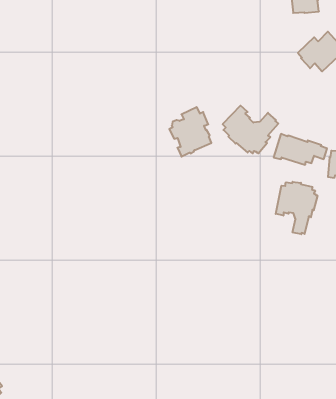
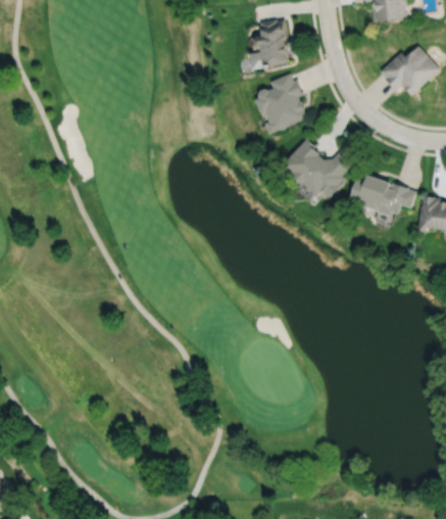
building: none -> [248,20,288,72]
building: [169,107,211,157] -> [254,74,307,136]
building: [276,182,317,234] -> none

